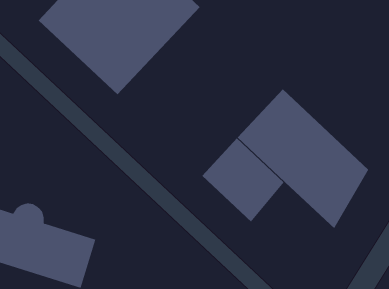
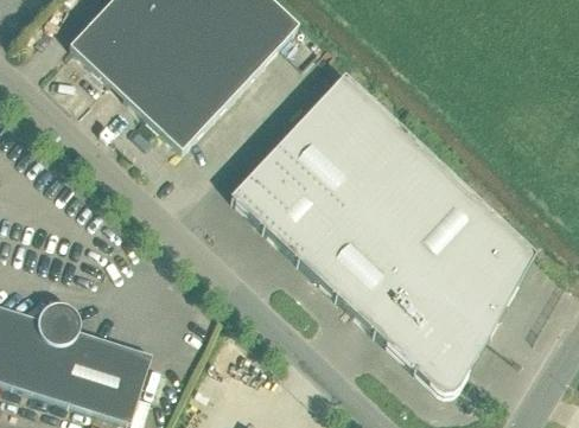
building: none -> [227,71,412,264]
building: none -> [368,274,484,396]

